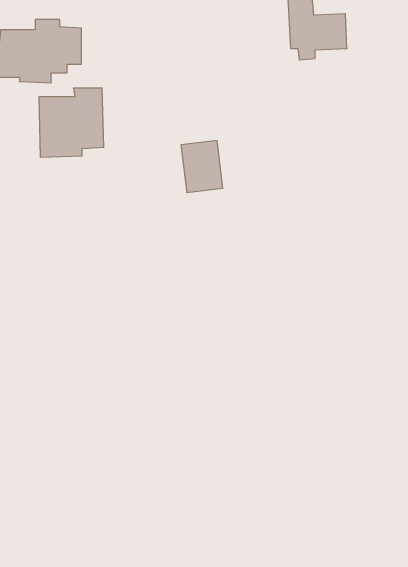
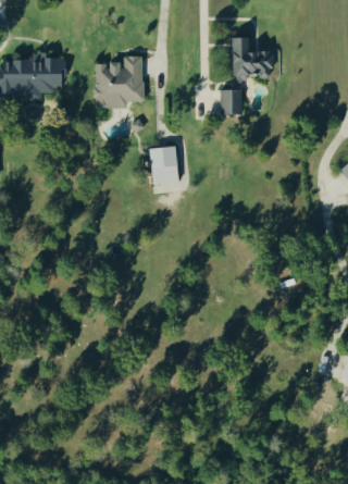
building: none -> [222,89,243,114]
building: [39,88,104,157] -> [95,57,144,109]

